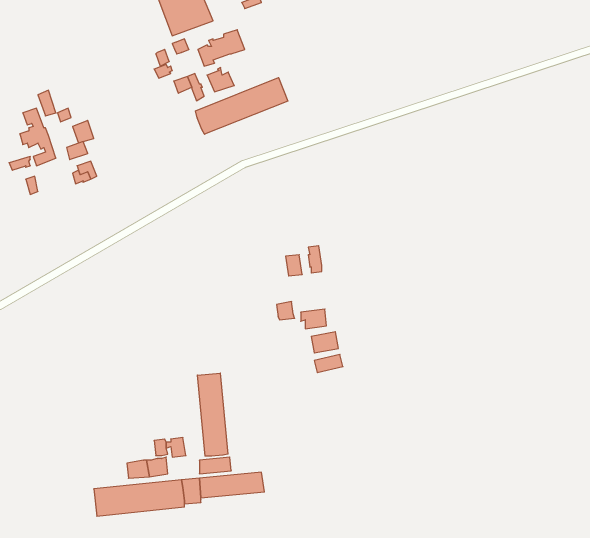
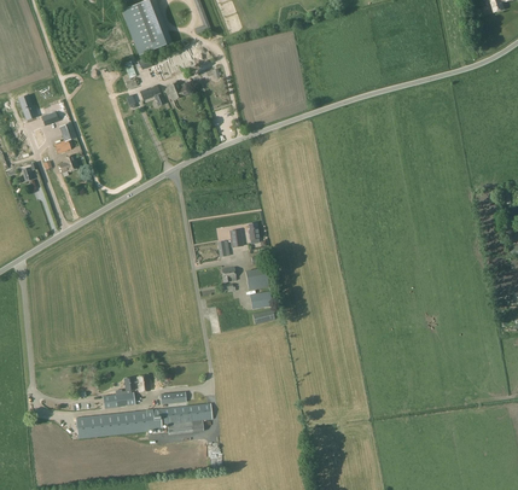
building: [195,78,288,134] -> none
building: [197,373,228,456] -> none

